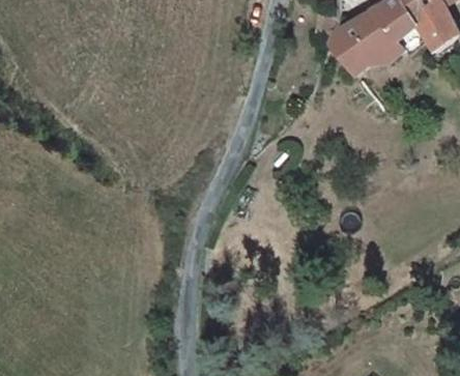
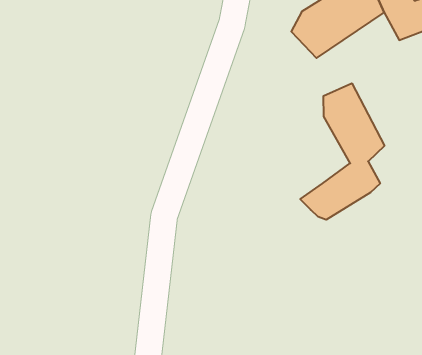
building: none -> [300,83,384,220]

